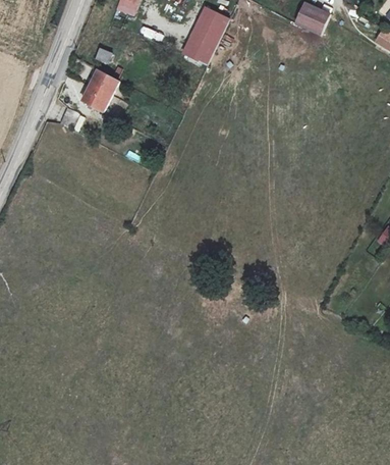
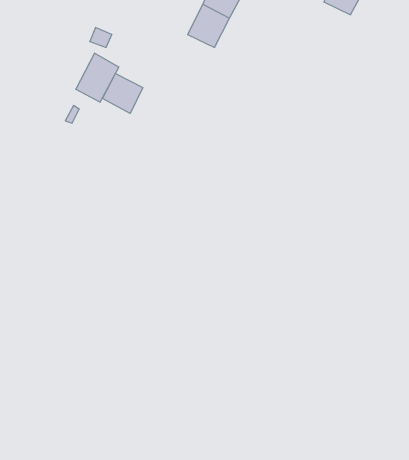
building: none -> [102,74,143,113]

